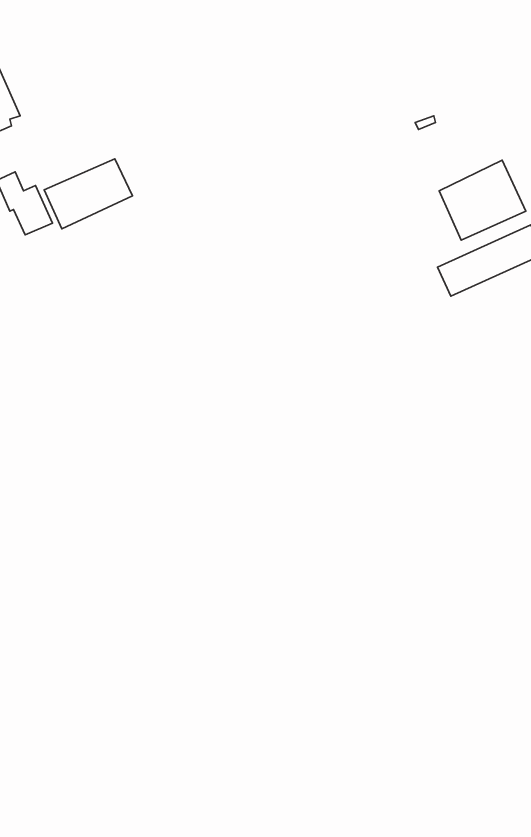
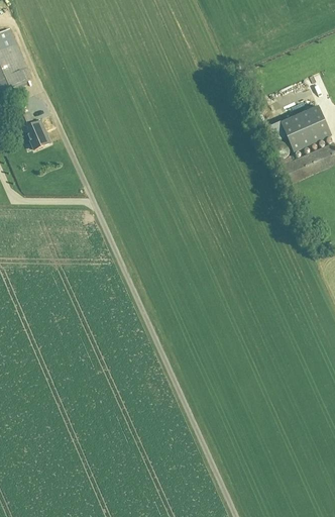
building: [44,159,133,229] -> none

